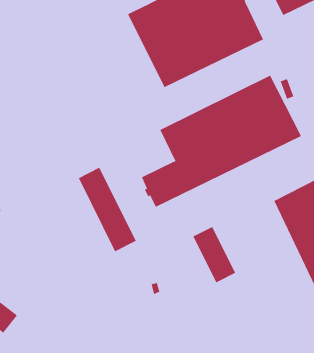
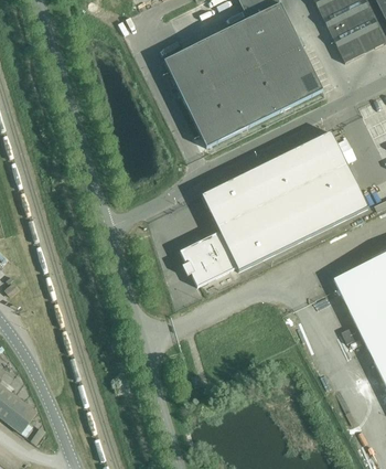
building: [78,167,136,252] -> none
building: [193,226,236,283] -> none

